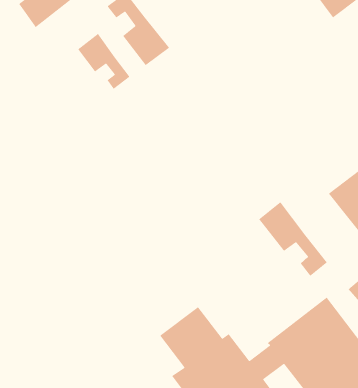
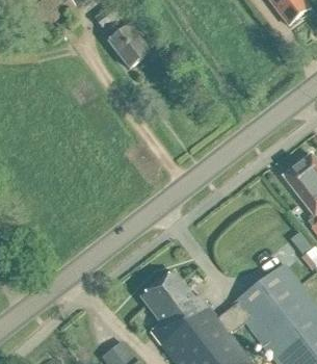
building: [77,33,130,90] -> none
building: [258,201,328,277] -> none

